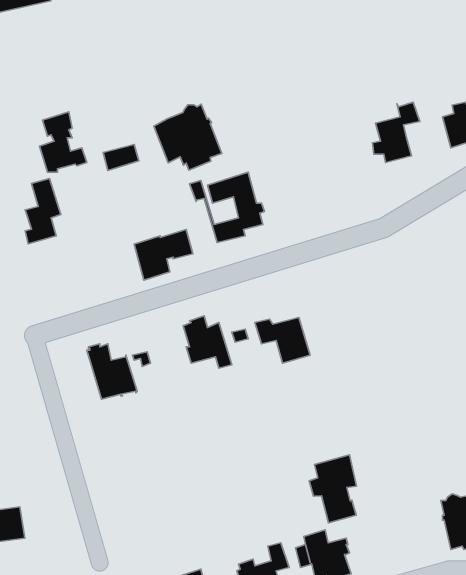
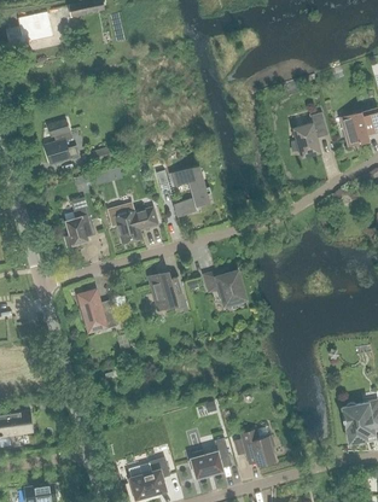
building: [154,104,222,170] -> none
building: [25,179,61,244] -> [65,198,92,246]
building: [309,455,357,523] -> none

